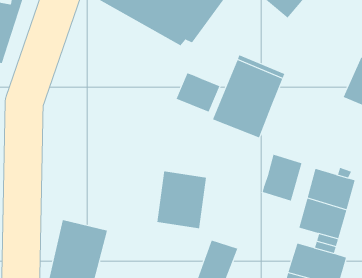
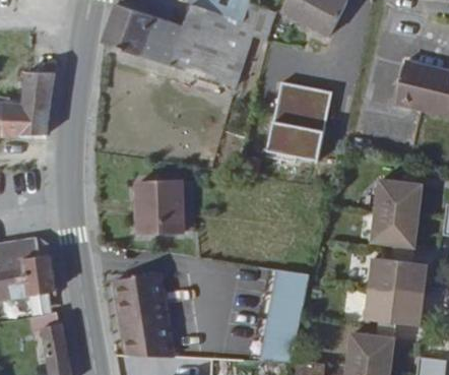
building: [176,72,220,112] -> none
building: [262,154,302,202] -> none
building: [156,171,207,229] -> [136,180,183,234]

